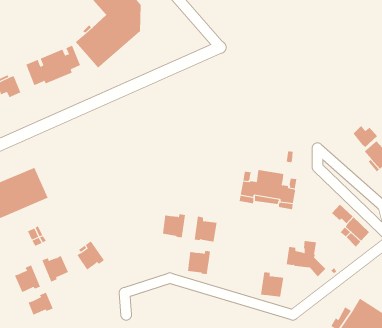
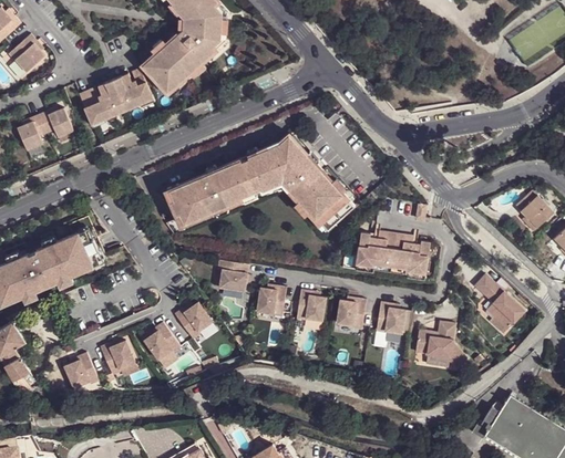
building: none -> [170,134,353,229]
building: [353,125,378,148] -> none
building: none -> [217,259,249,292]
building: none -> [174,301,212,339]
building: [187,251,211,275] -> [335,299,366,330]
building: [260,272,284,297] -> [376,302,407,335]
building: [28,292,53,316] -> none

